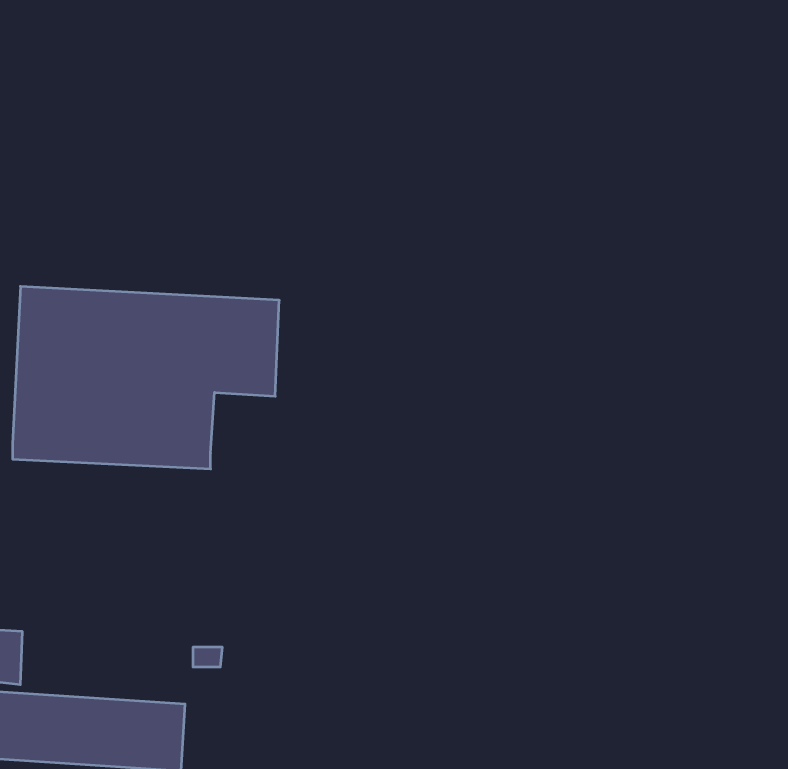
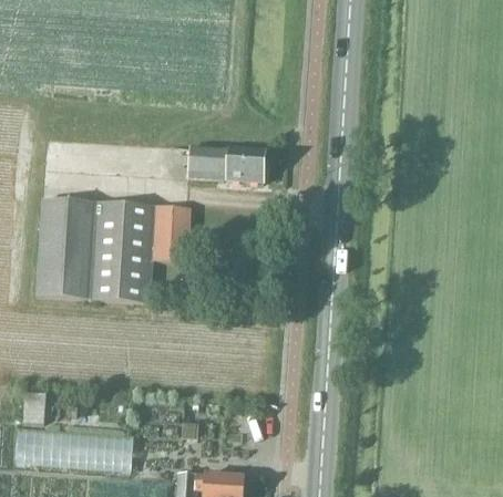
building: none -> [188,144,265,182]

